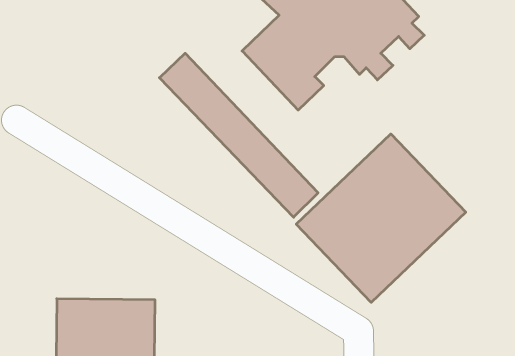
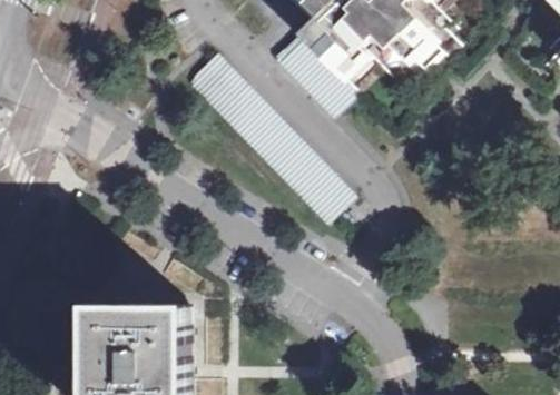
building: [296,134,466,302] -> none

